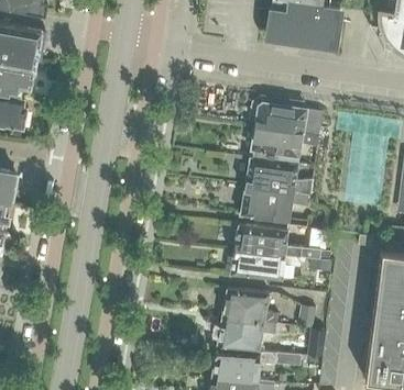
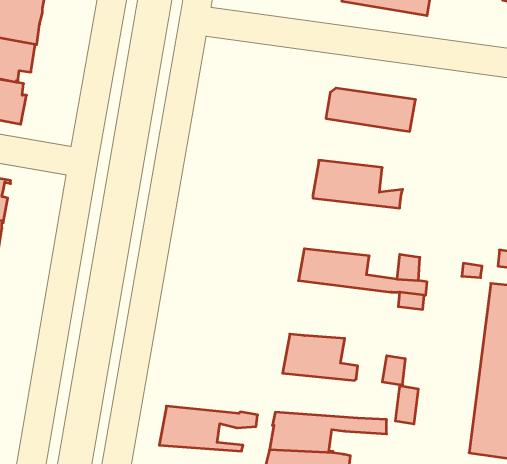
building: [251,126,319,164] -> none
building: [240,187,312,221] -> none
building: [230,249,305,281] -> none
building: [217,320,292,354] -> [159,406,258,451]

